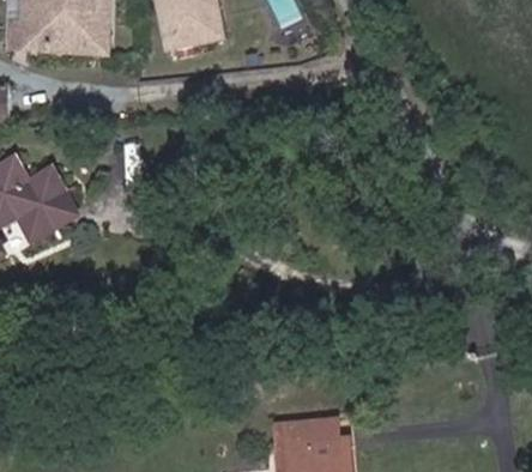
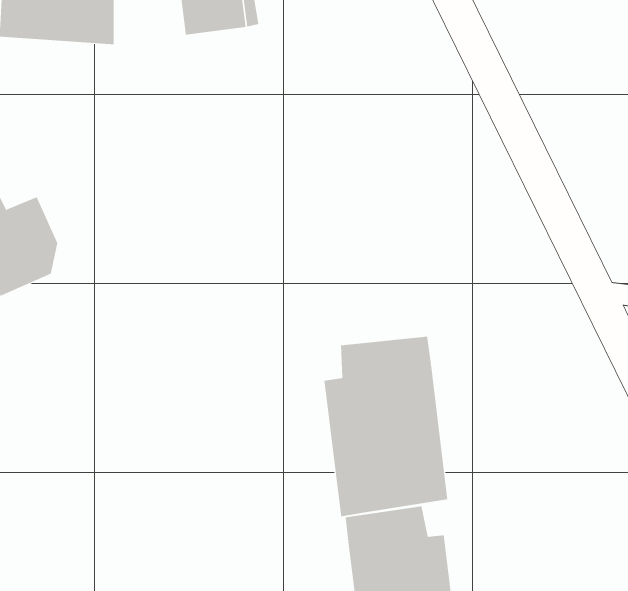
building: none -> [324,336,448,517]

